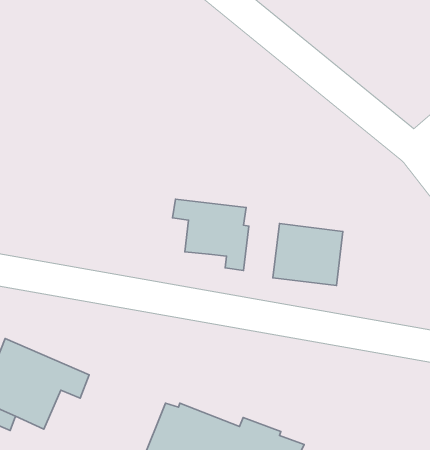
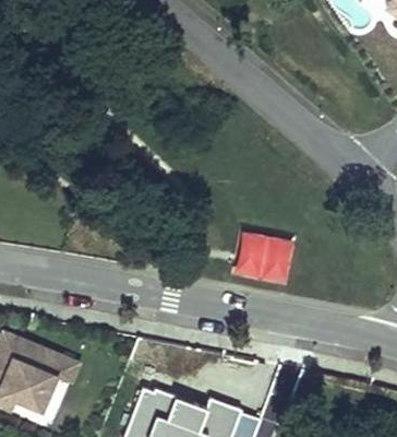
building: [173,199,249,270] -> none

